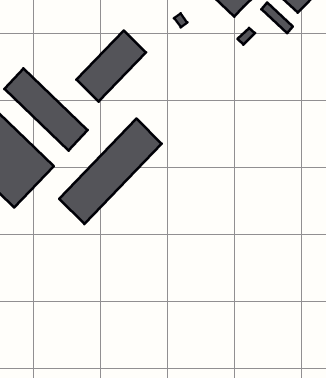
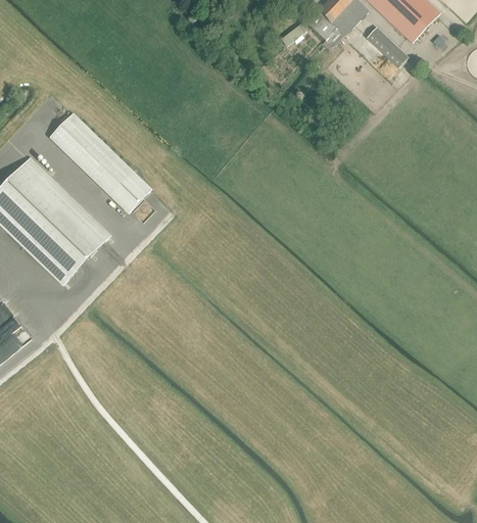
building: [76,31,146,102] -> none
building: [59,119,162,224] -> none

